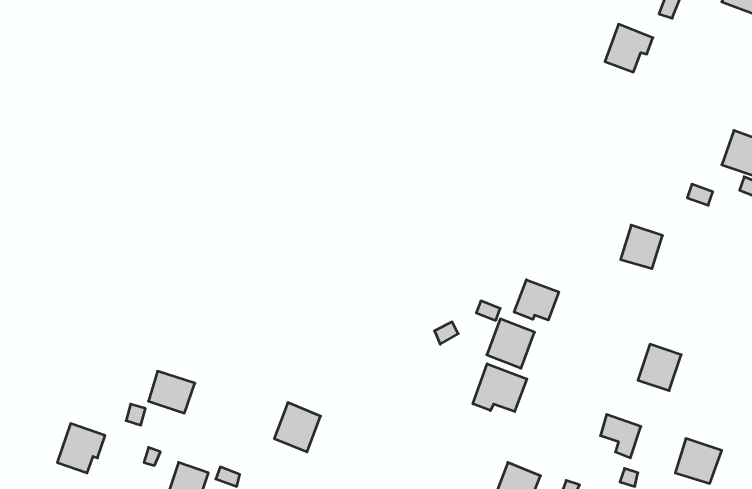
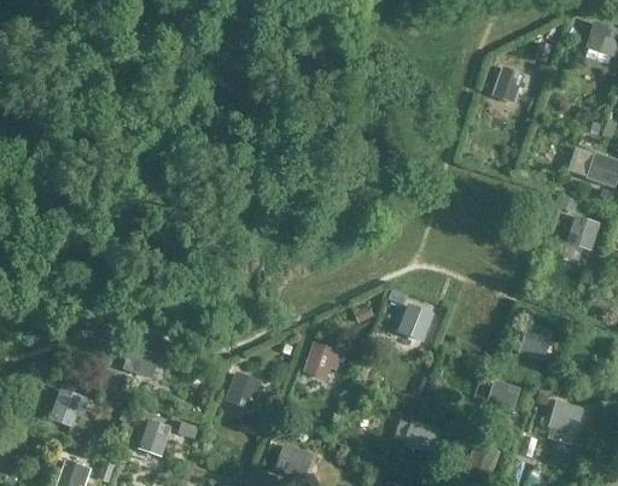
building: [621,225,663,269] -> [566,215,600,250]
building: [514,280,559,320] -> none
building: [473,364,527,412] -> none
building: none -> [304,341,343,379]

